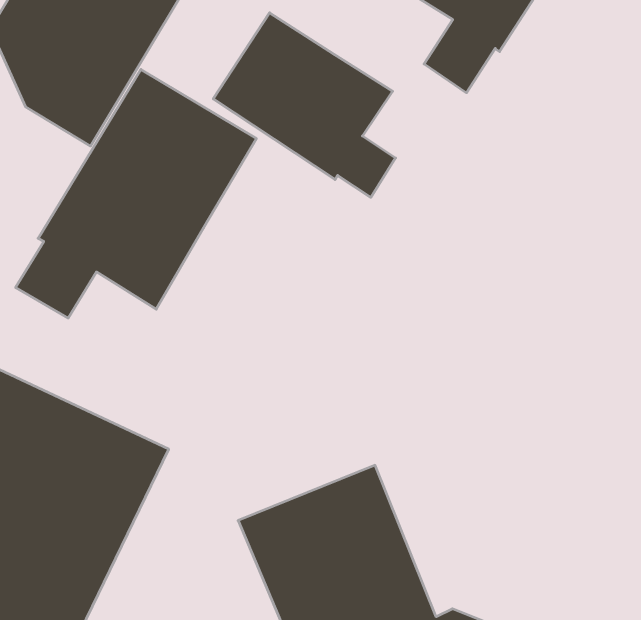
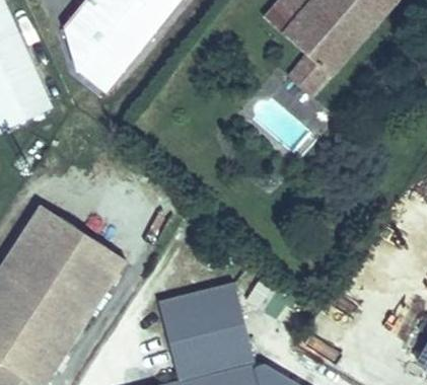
building: [213,13,396,197] -> none
building: [16,69,256,318] -> none

